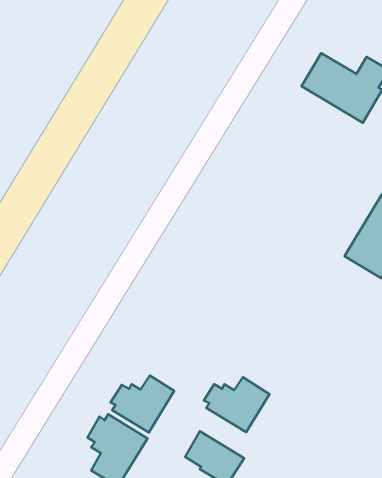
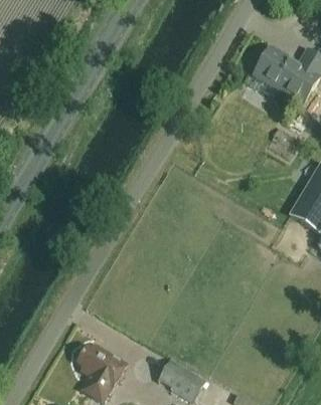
building: [111,375,174,432] -> none
building: [204,377,269,432] -> none

